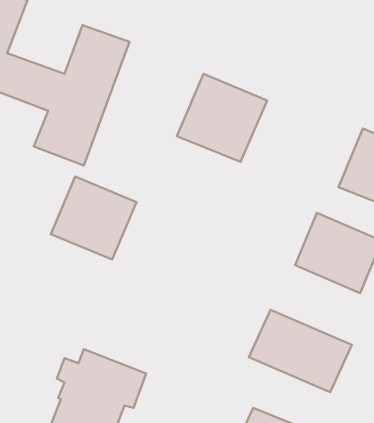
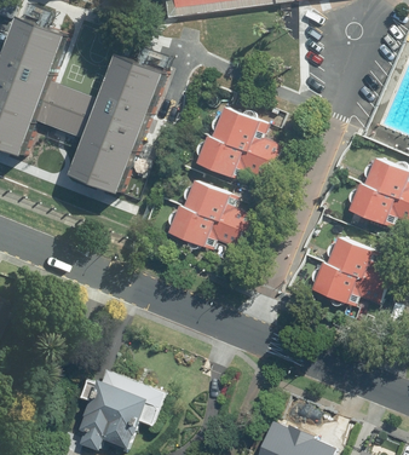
building: [51,177,136,260] -> [178,179,259,258]
building: [249,310,352,392] -> none

